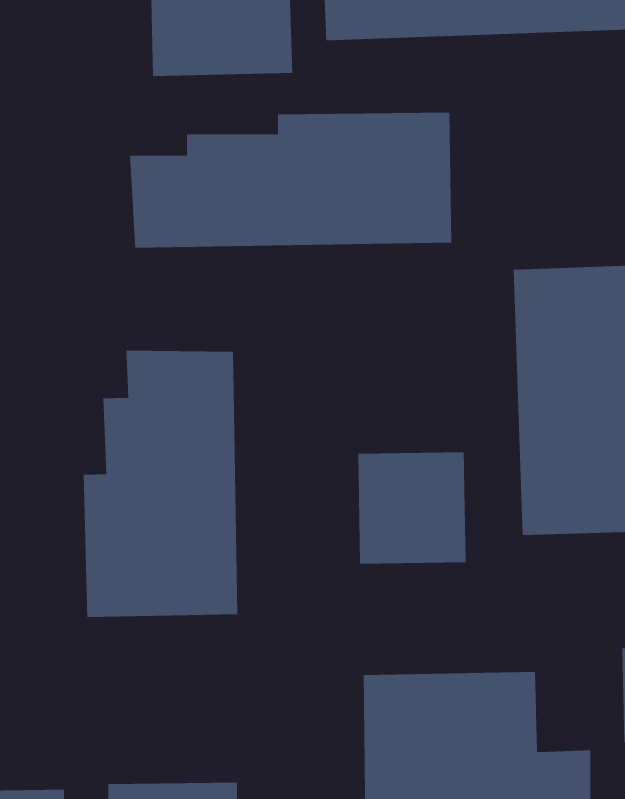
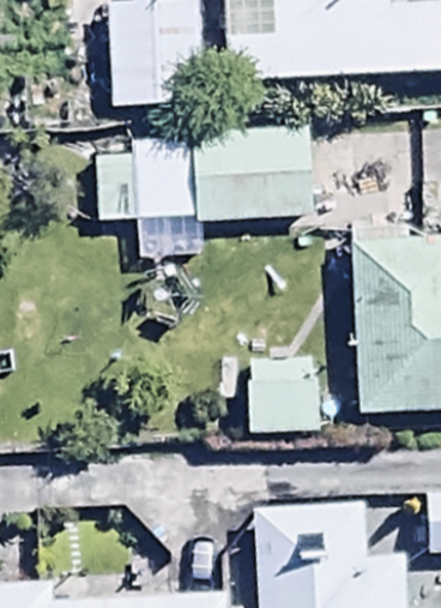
building: [83,350,238,618] -> none

